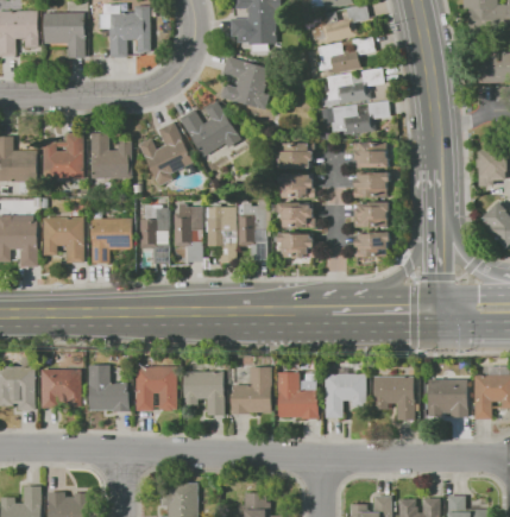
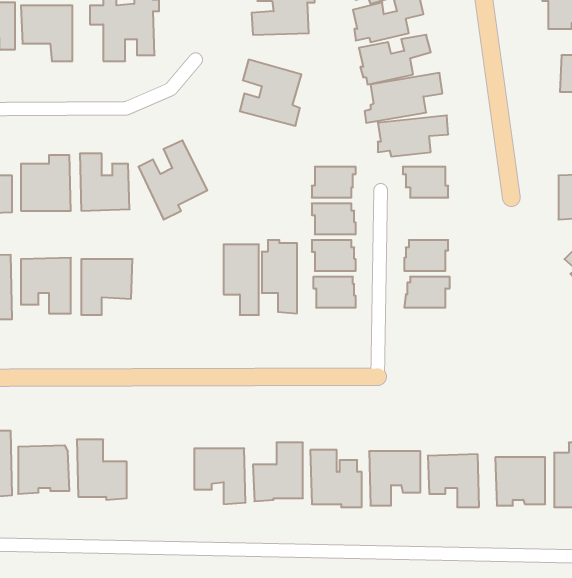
building: [178,100,241,157] -> none
building: [353,172,389,197] -> none
building: [139,203,169,263] -> none
building: [174,203,202,261] -> none
building: [136,366,177,411] -> none

